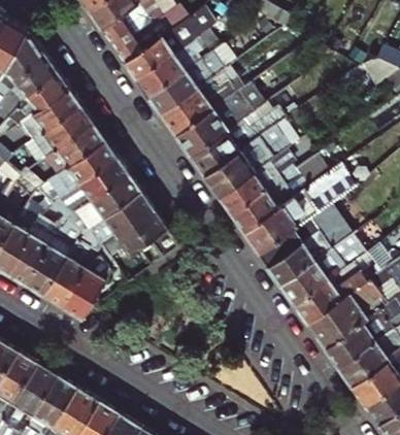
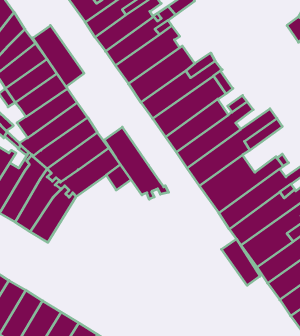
building: none -> [33,25,84,87]
building: none -> [104,127,169,199]
building: none -> [221,239,260,285]

